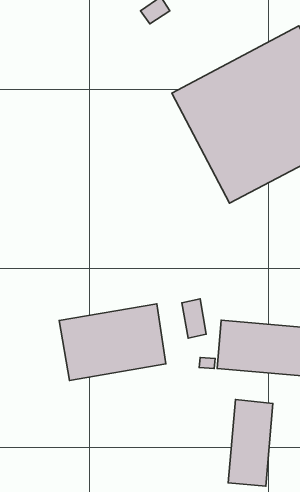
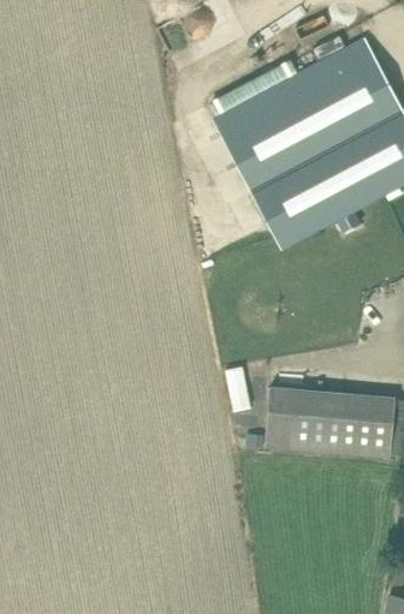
building: [59,304,166,380] -> none
building: [228,399,273,486] -> none

